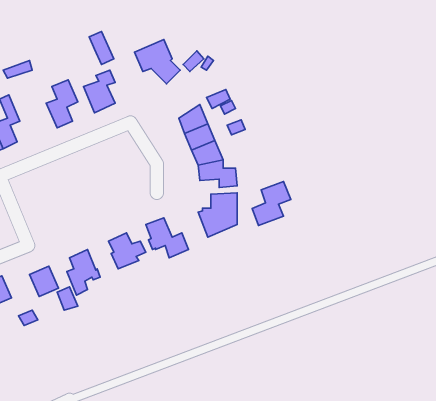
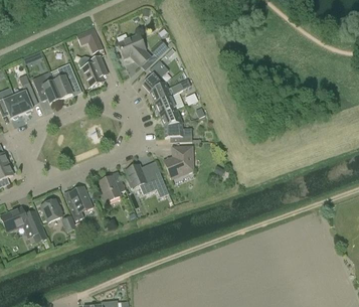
building: none -> [142,60,168,92]
building: none -> [32,73,61,104]
building: [252,181,291,226] -> none

